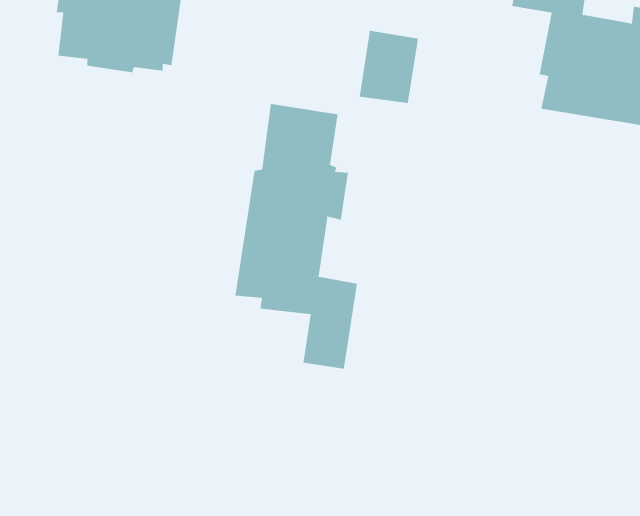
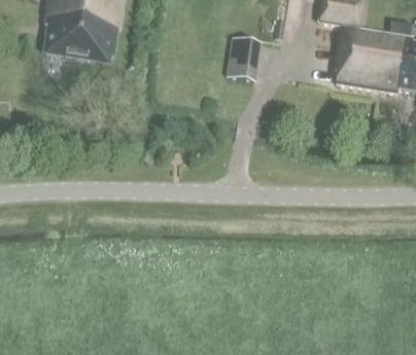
building: [235,103,357,370] -> none

